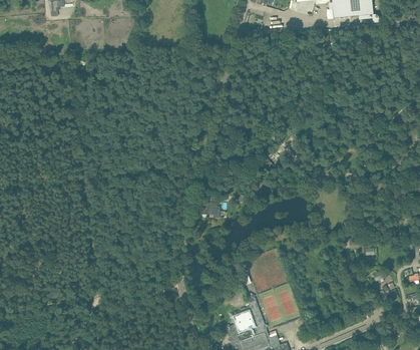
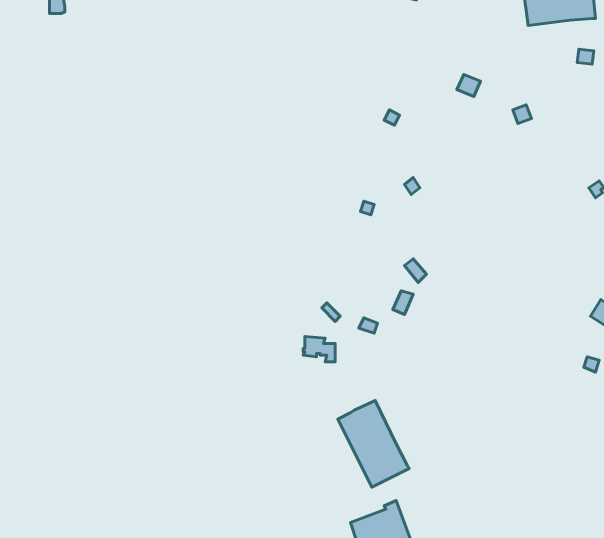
building: none -> [338,400,409,487]

